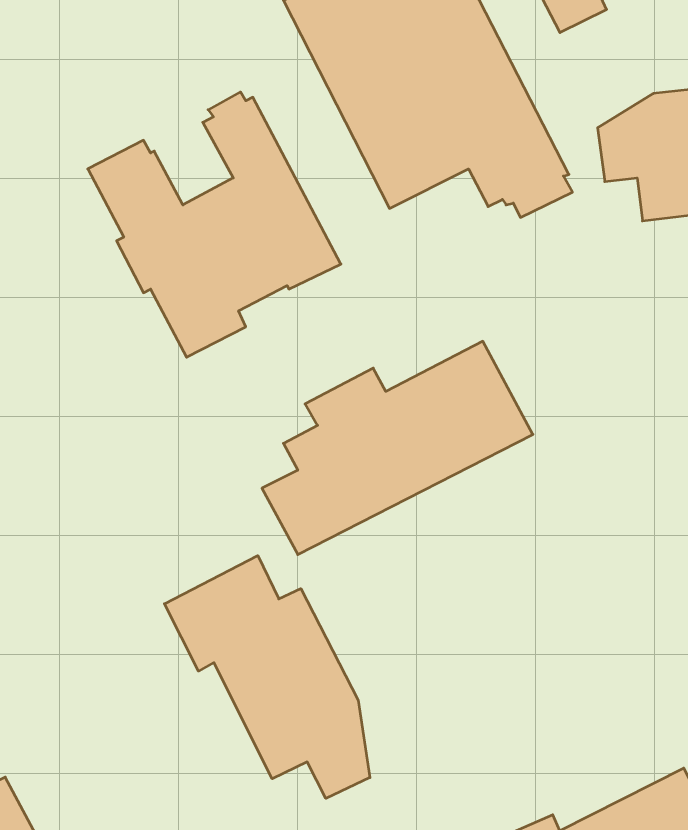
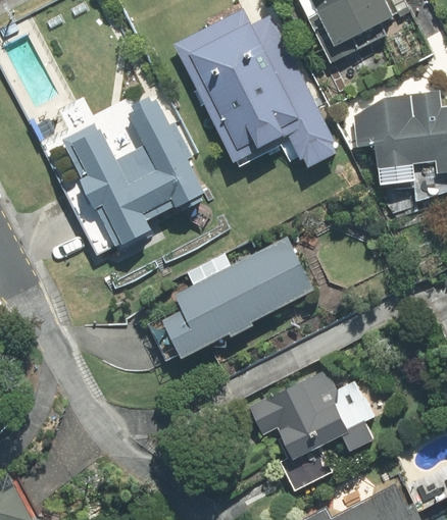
building: [164,556,370,798] -> none
building: none -> [251,369,376,461]

